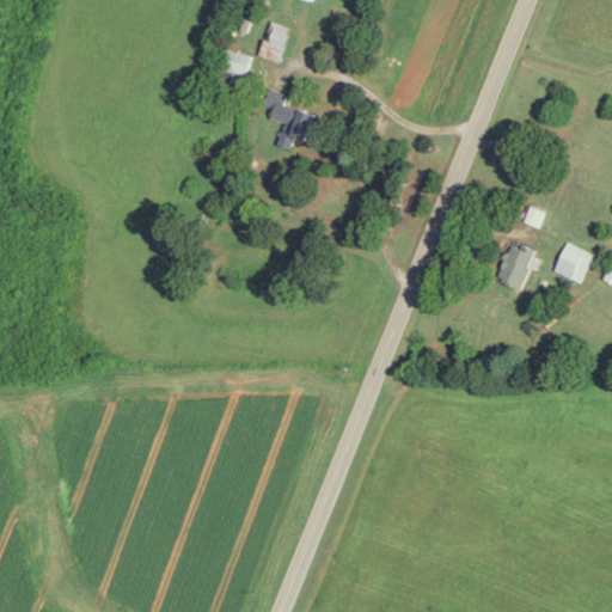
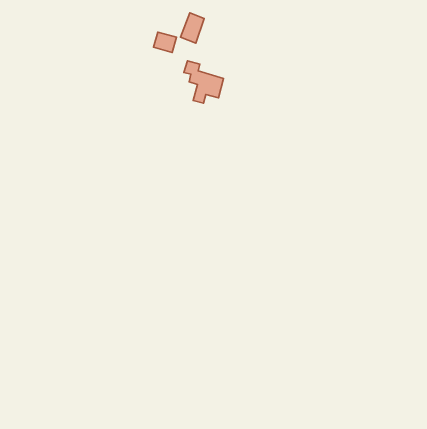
building: [552,243,593,284] -> none
building: [496,245,537,289] -> none

